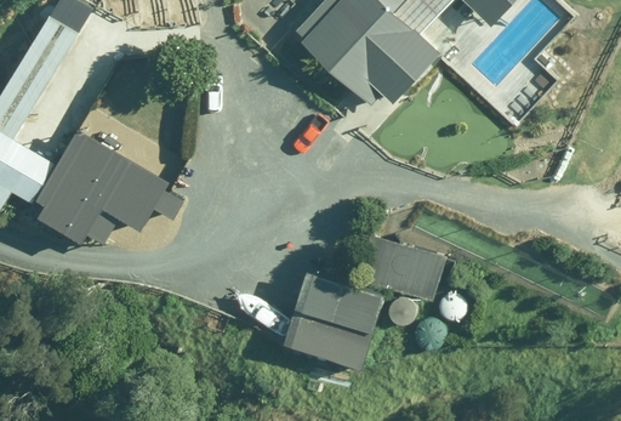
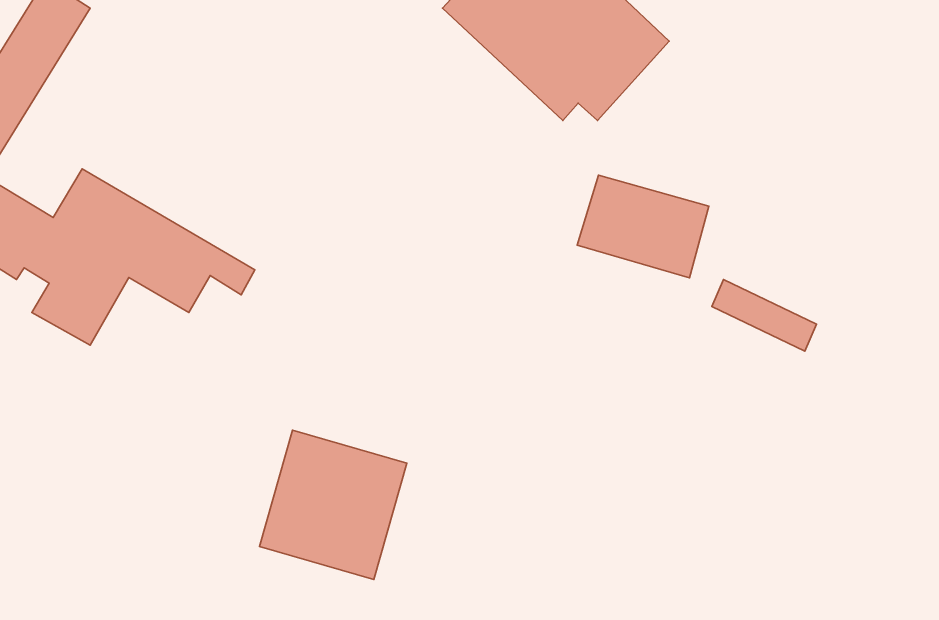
building: [361,238,444,302] -> [577,175,709,278]
building: [292,273,384,366] -> [260,430,407,579]

